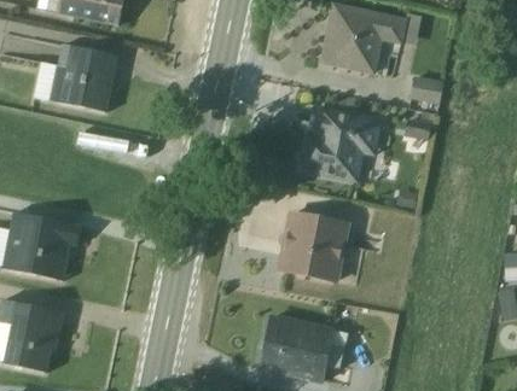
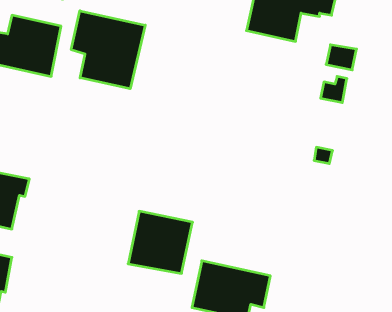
building: none -> [71,11,145,89]
building: [300,109,382,181] -> none
building: [279,211,350,280] -> [128,211,193,273]

